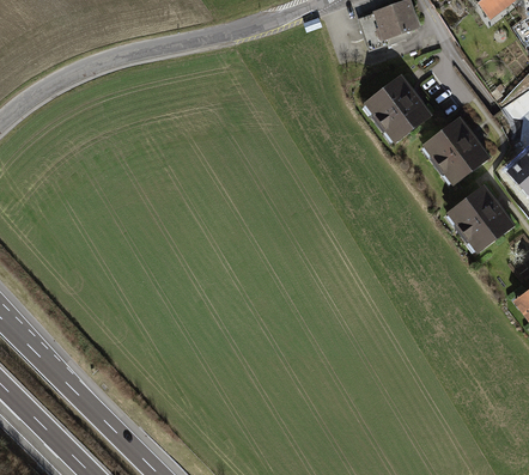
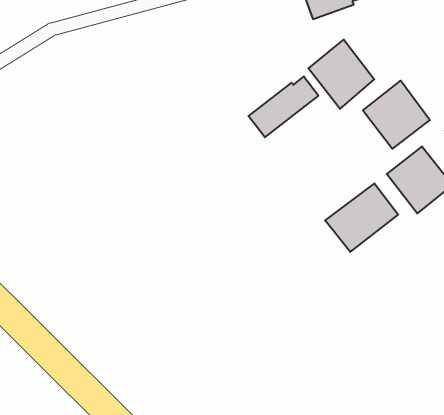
building: none -> [248,76,318,137]
building: none -> [325,183,398,252]

